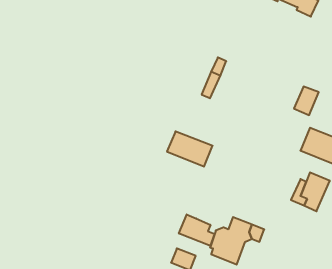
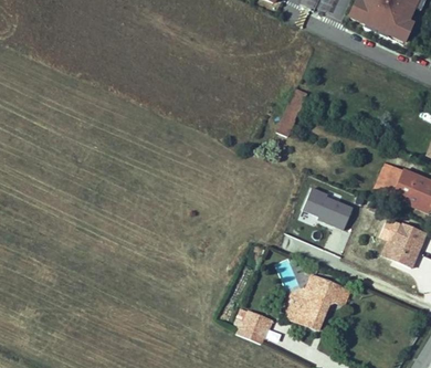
building: [294,87,319,115] -> [375,164,403,197]
building: [167,131,213,167] -> [301,187,354,228]
building: [179,214,215,246] -> none

